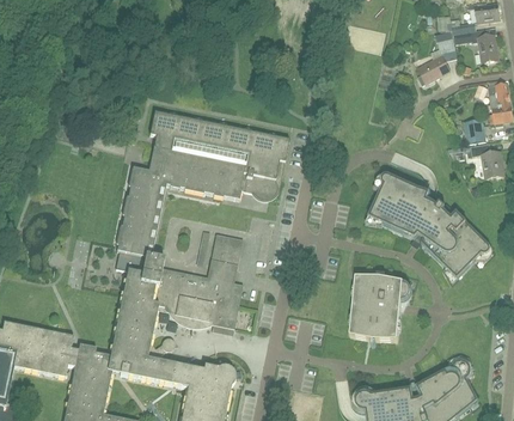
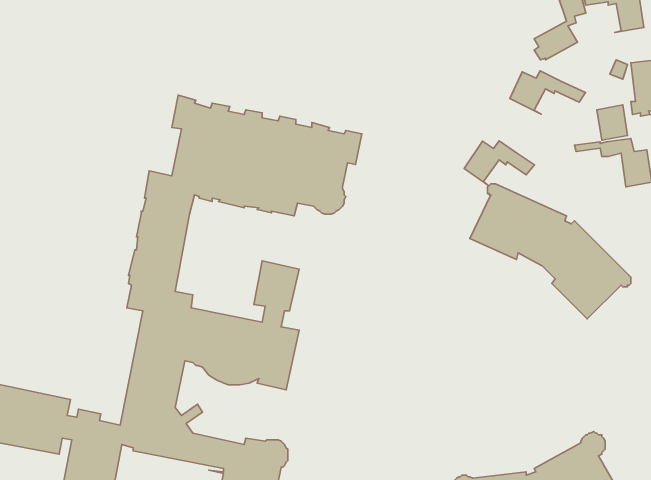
building: none -> [510,71,585,114]
building: none -> [464,141,535,186]
building: [349,271,410,338] -> none

